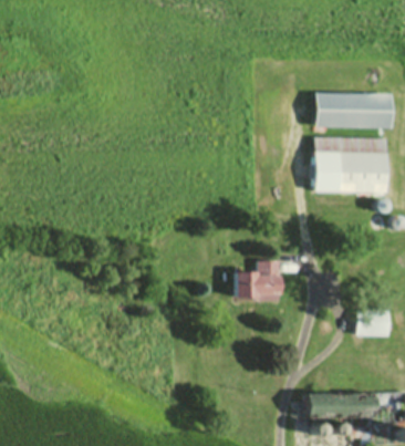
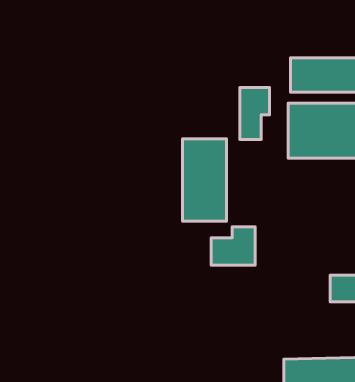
building: none -> [240,88,270,139]
building: none -> [182,139,226,221]

